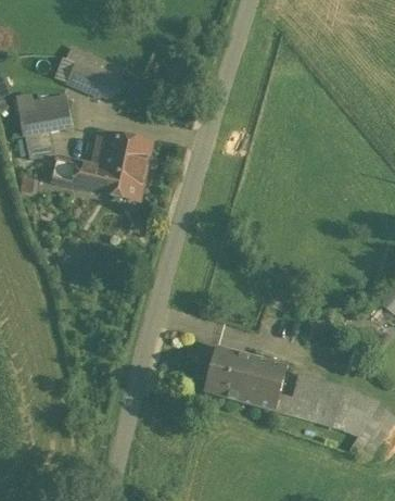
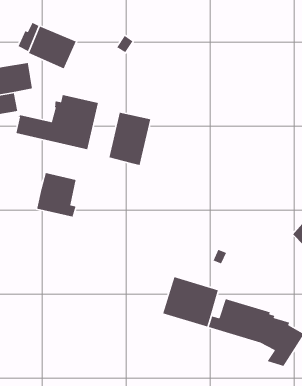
building: none -> [109,112,151,166]
building: none -> [37,172,77,217]
building: [203,342,239,393] -> none

